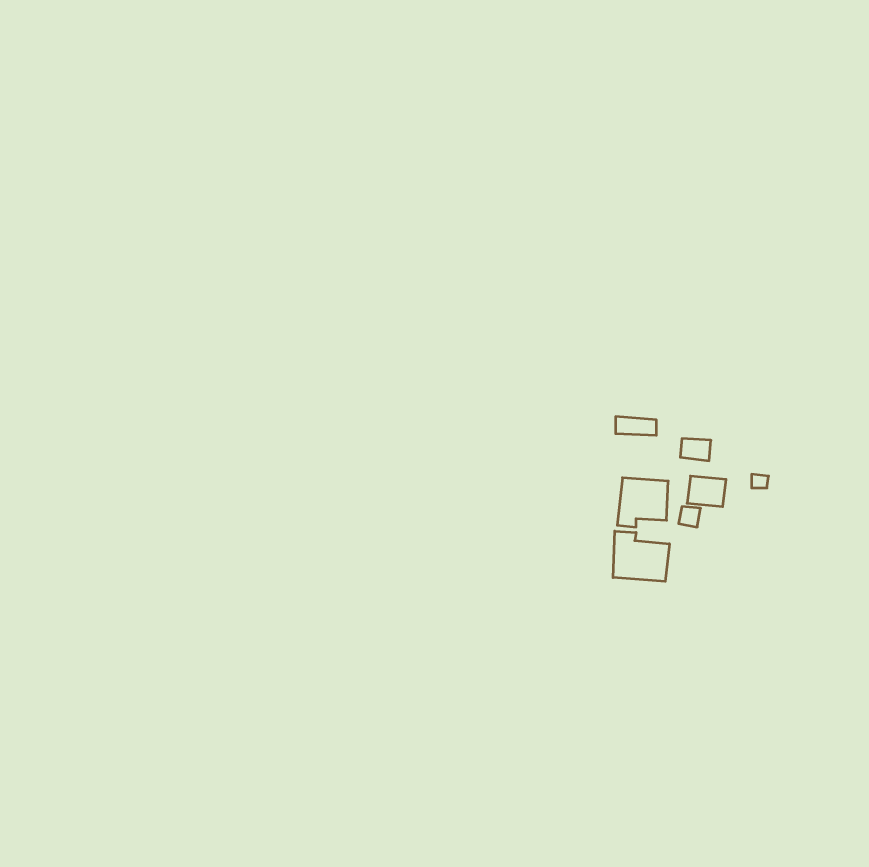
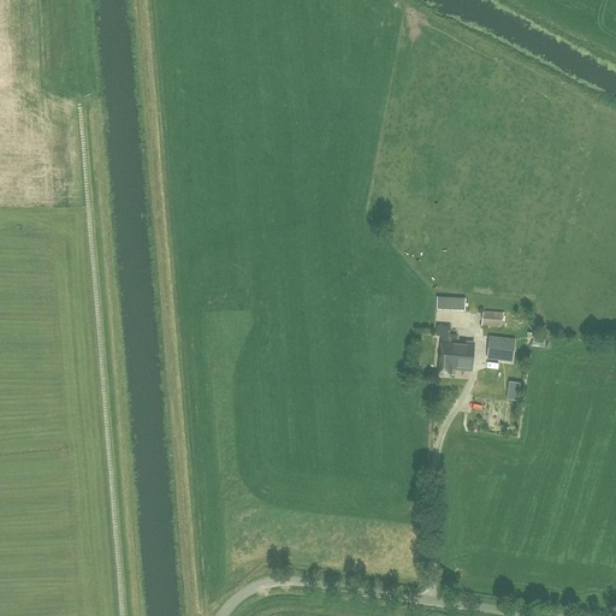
building: [613,531,669,581] -> none

